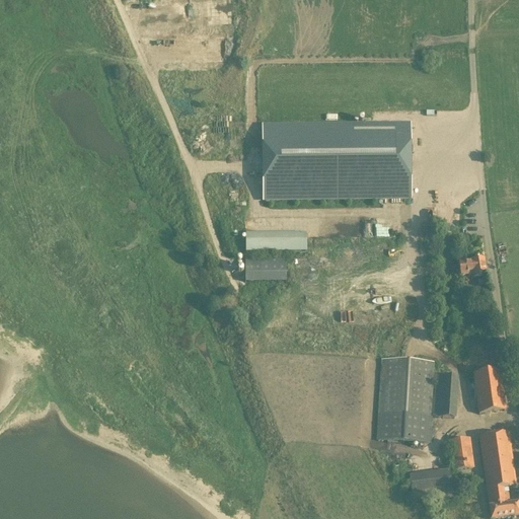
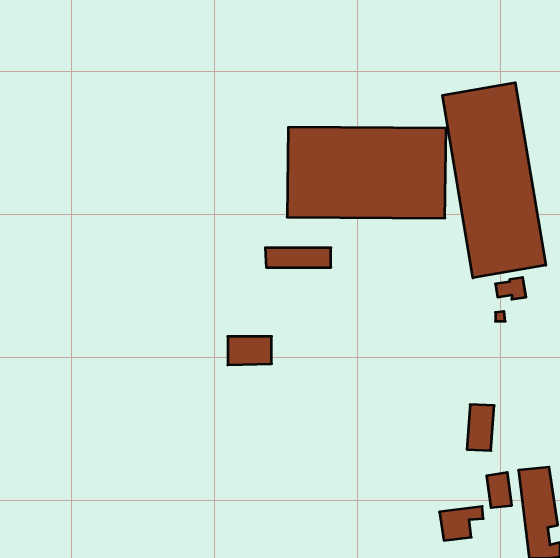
building: none -> [443,83,546,278]
building: [245,252,286,279] -> [228,336,272,365]
building: [379,358,432,441] -> none
building: [473,370,505,414] -> none

